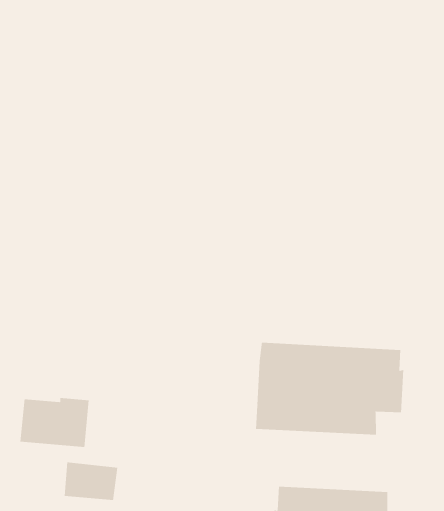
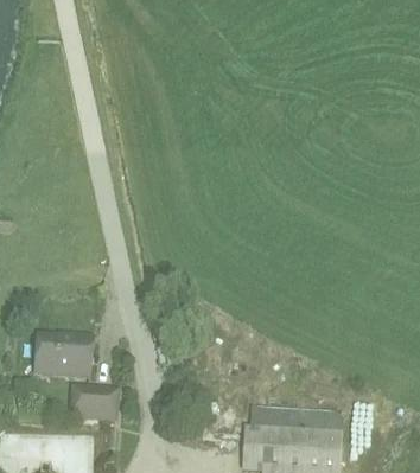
building: [255,342,404,435] -> none

